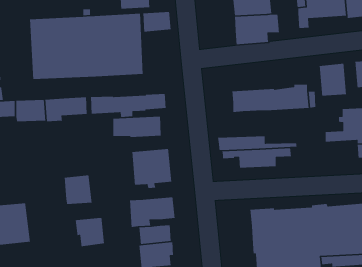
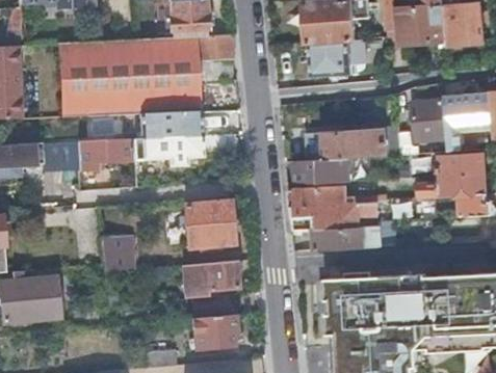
building: none -> [294,157,350,182]
building: [112,116,162,138] -> [139,112,200,139]
building: none -> [315,218,397,249]
building: [75,217,105,247] -> none

